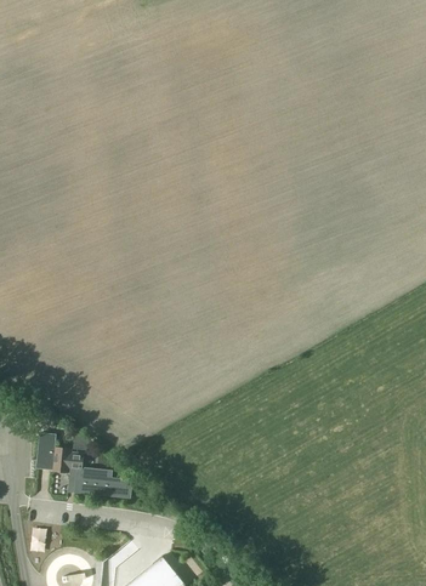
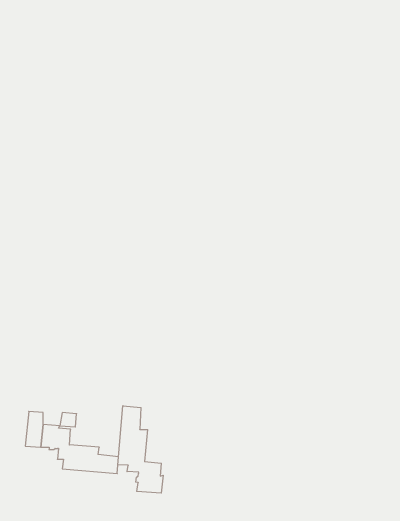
building: none -> [118,406,163,493]

